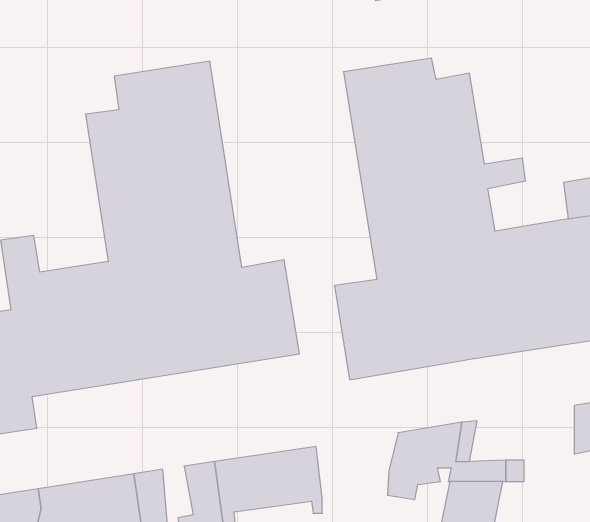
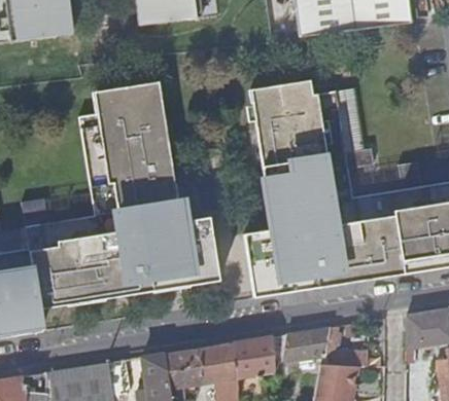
building: none -> [232,337,274,378]

